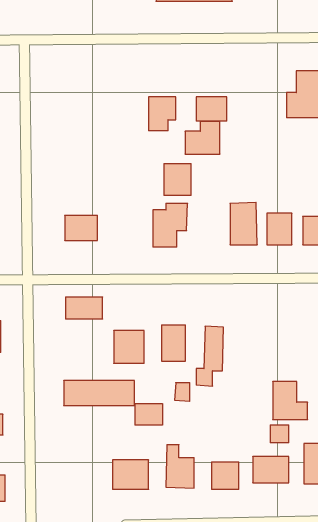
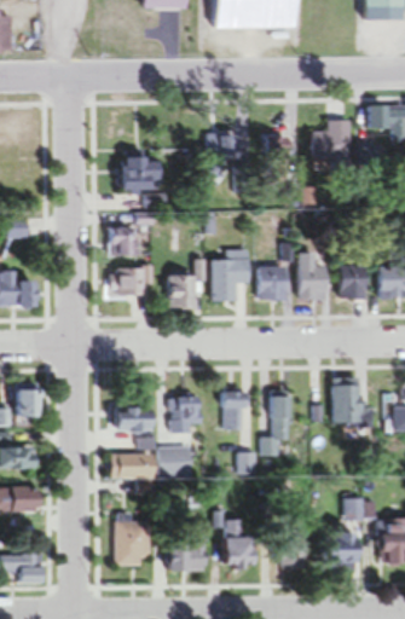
building: none -> [123,155,162,191]
building: [185,121,220,154] -> [311,120,349,156]
building: [164,164,191,195] -> [258,266,288,301]
building: none -> [108,213,160,255]
building: none -> [166,274,197,308]
building: [66,297,103,319] -> [114,406,155,430]
building: [273,382,308,420] -> [332,383,371,426]
building: [135,404,162,425] -> none
building: none -> [115,520,150,565]

